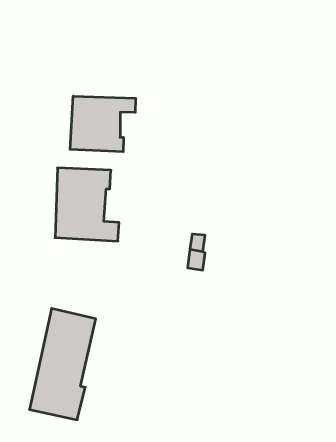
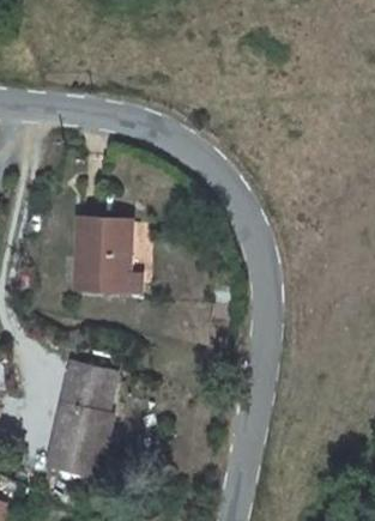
building: [70,96,136,152] -> none

